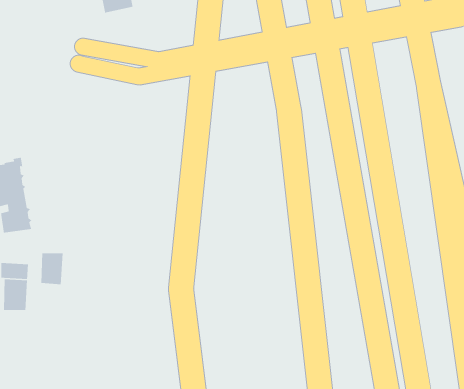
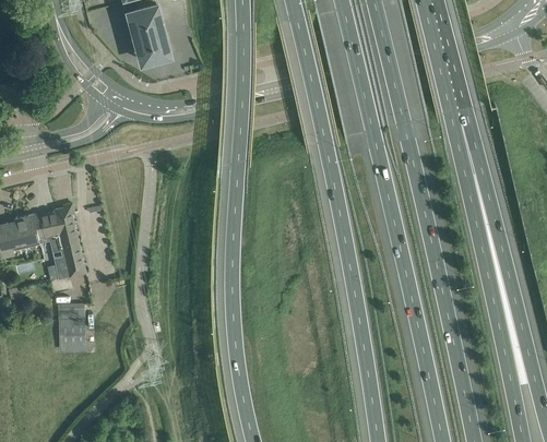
building: [41,253,63,285] -> none

